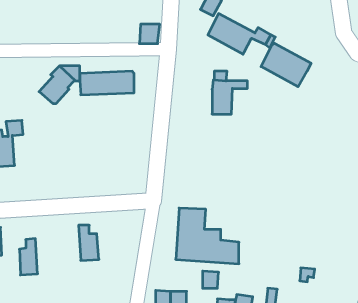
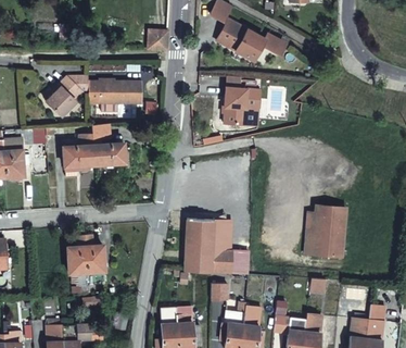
building: [261,43,311,87] -> none
building: none -> [60,124,122,165]
building: none -> [315,206,346,258]
building: [19,239,38,275] -> [69,236,88,273]

